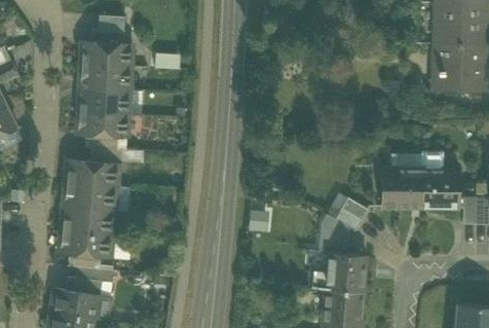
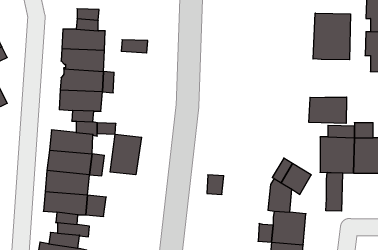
building: none -> [313,13,350,60]
building: none -> [309,97,347,123]
building: none -> [110,134,142,175]
building: none -> [326,172,343,211]

